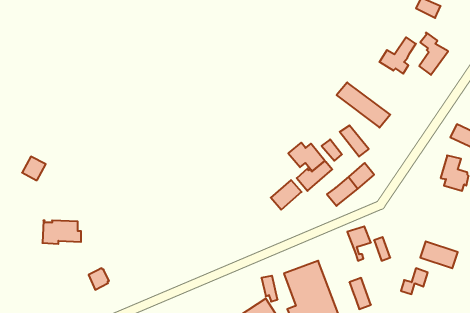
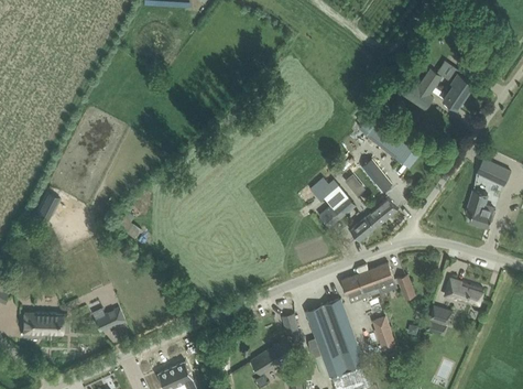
building: [271,180,302,210] -> none
building: [42,220,81,244] -> [22,313,62,337]
building: none -> [341,269,379,300]

